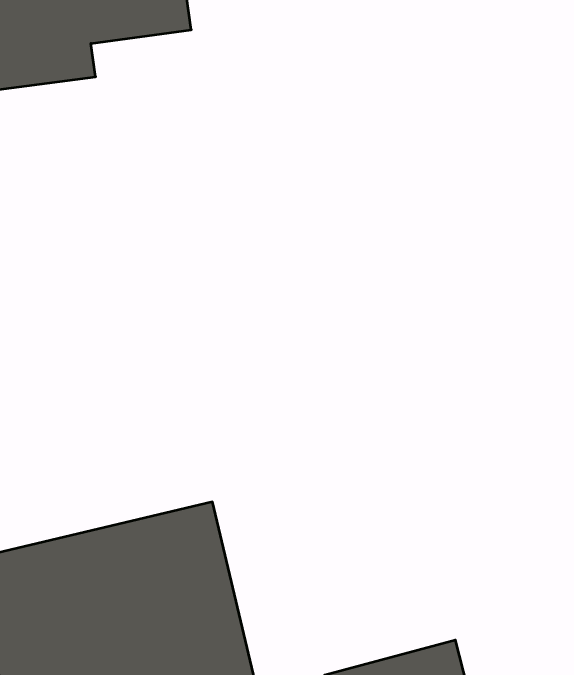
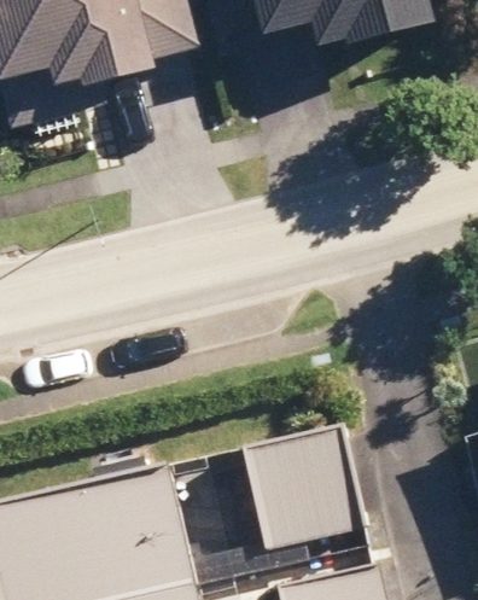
building: none -> [240,419,361,543]

